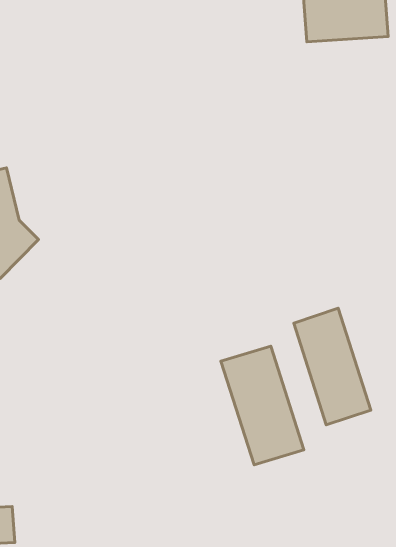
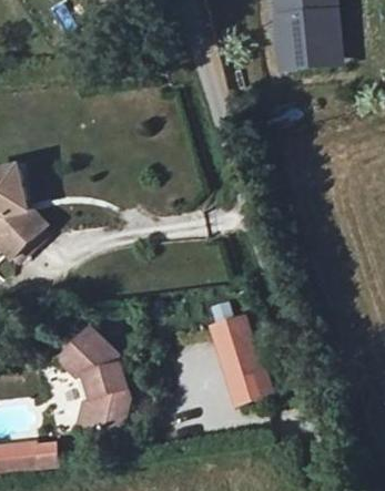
building: [294,308,371,425] -> none
building: none -> [64,329,123,438]

